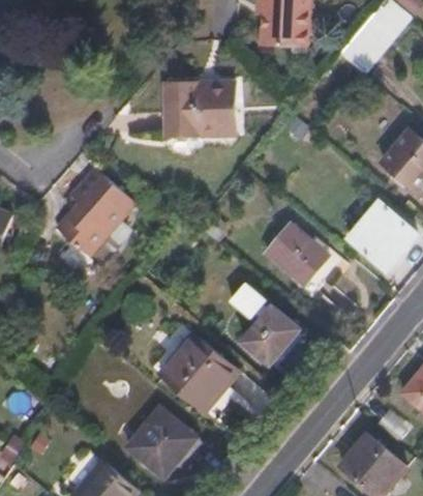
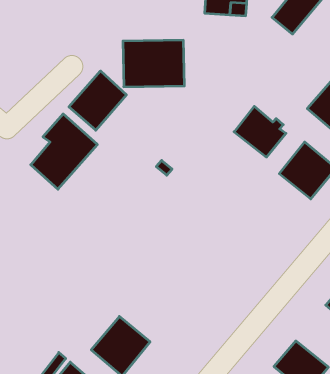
building: none -> [69,71,126,130]
building: [266,224,327,284] -> [234,106,286,157]
building: [231,284,300,364] -> none
building: [161,334,237,407] -> none

